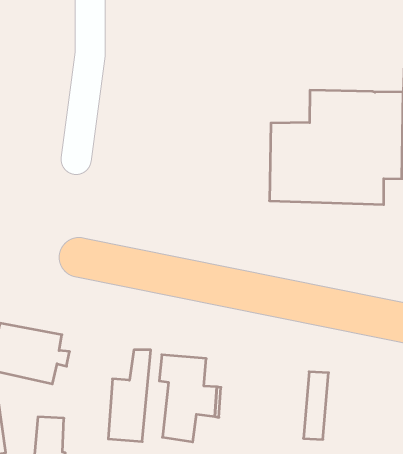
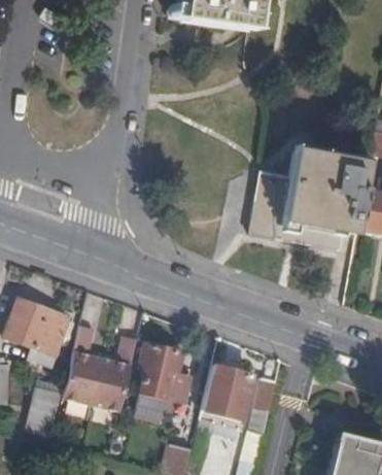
building: none -> [63,327,103,406]
building: none -> [201,364,250,418]

